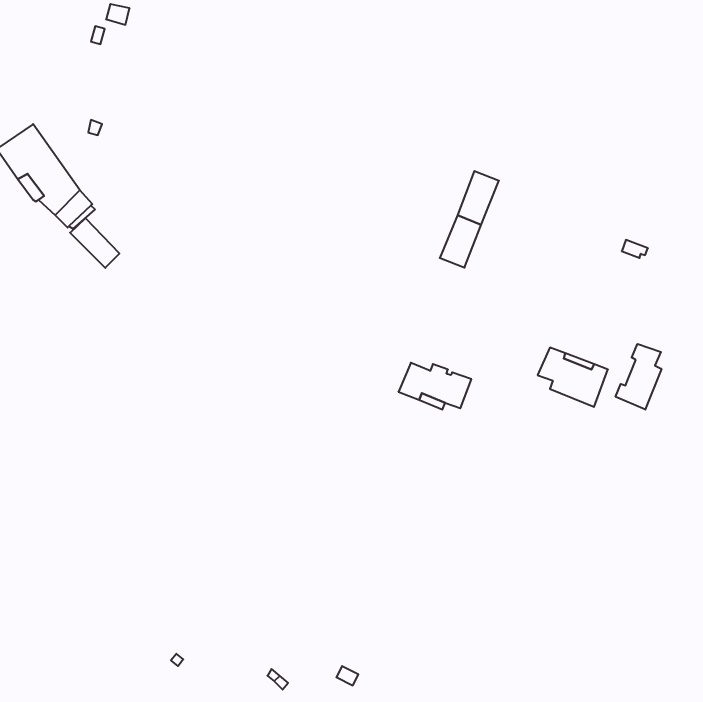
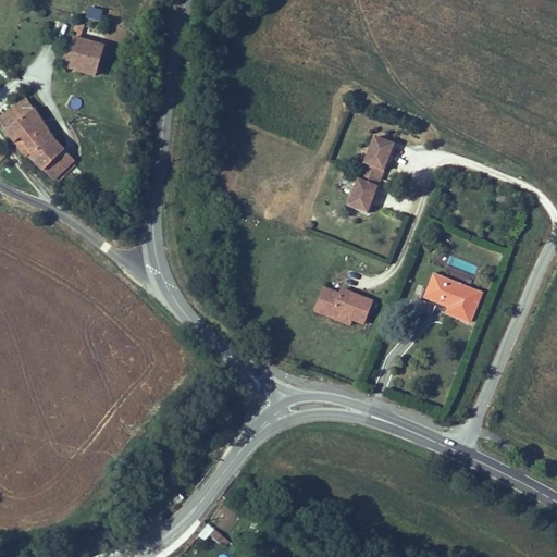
building: none -> [64,36,102,74]
building: [70,218,119,268] -> none
building: [616,344,661,410] -> none

